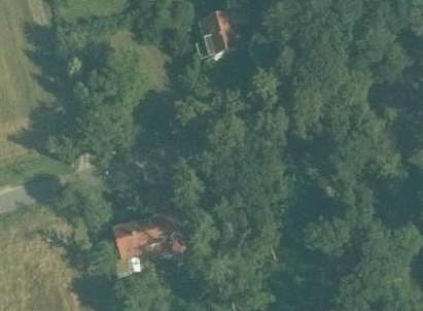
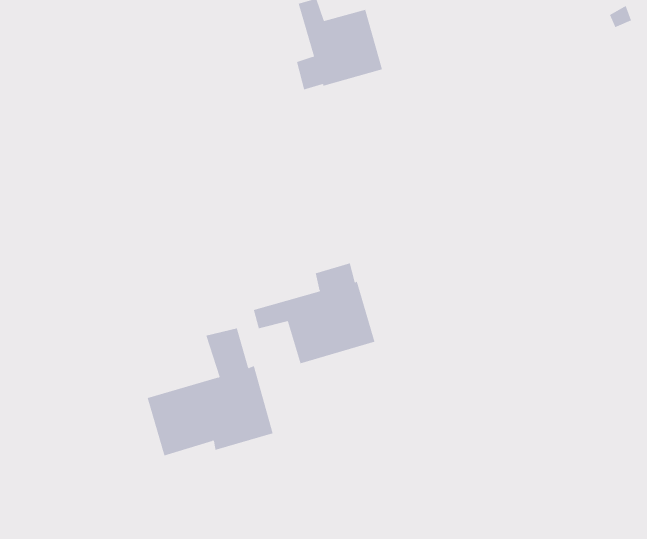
building: none -> [253,262,375,364]

